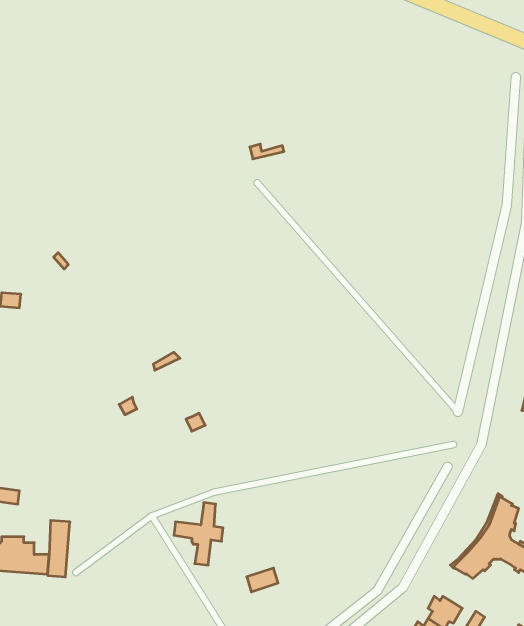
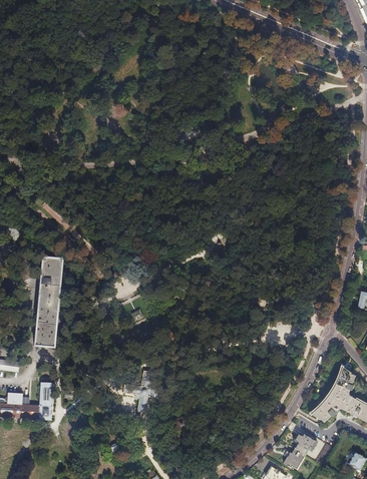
building: none -> [35,257,62,347]

